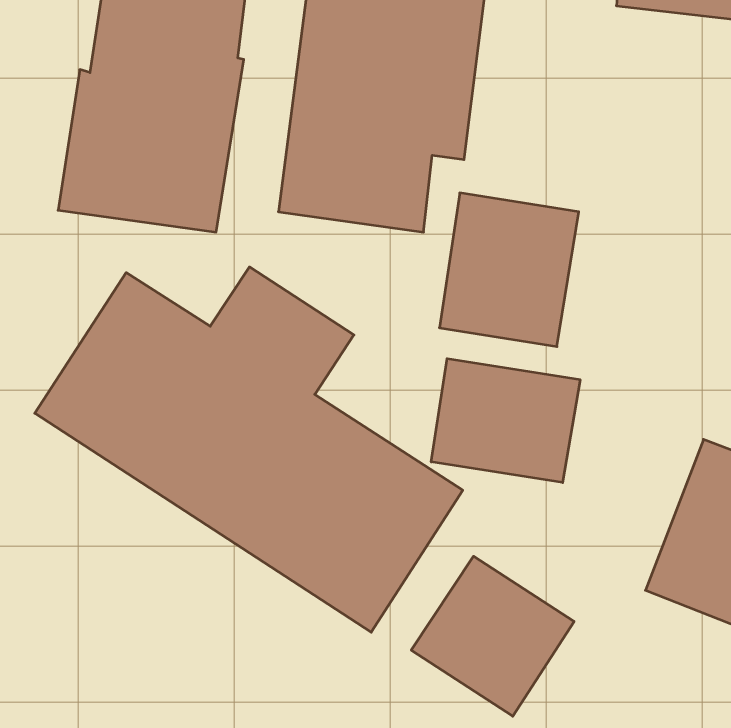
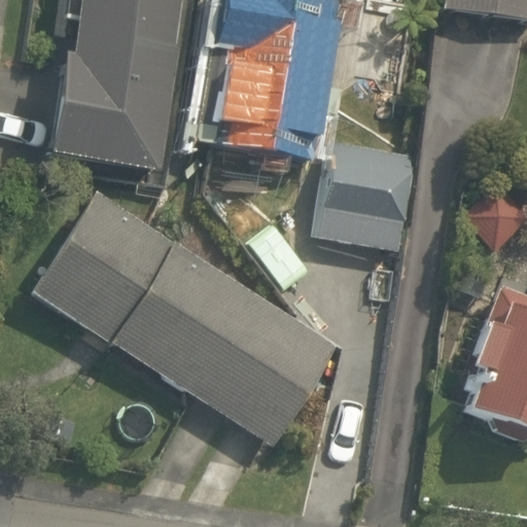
building: [431,359,580,483] -> none
building: [411,556,574,716] -> none

